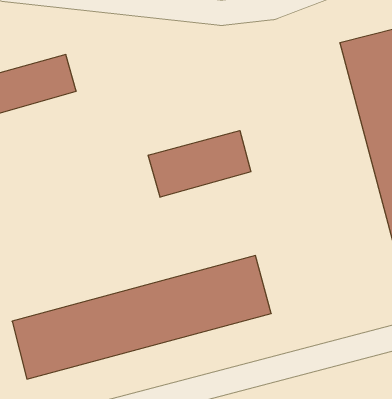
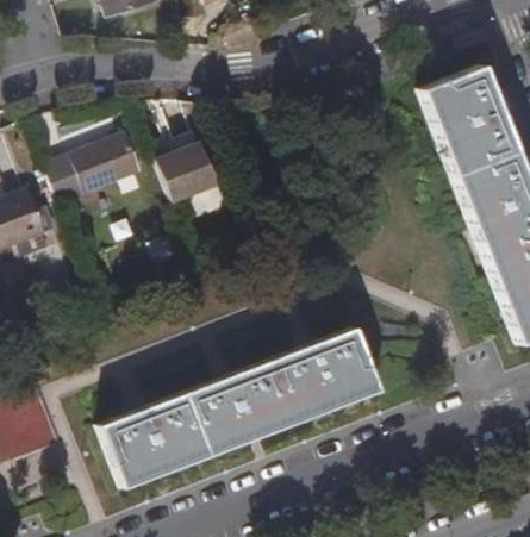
building: none -> [157,146,216,205]
building: [148,131,251,197] -> none

